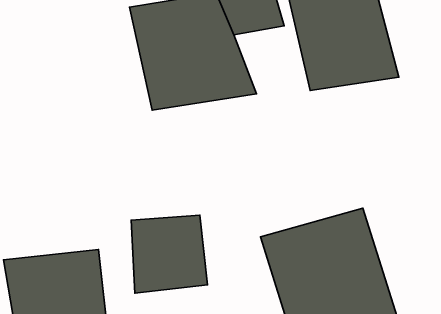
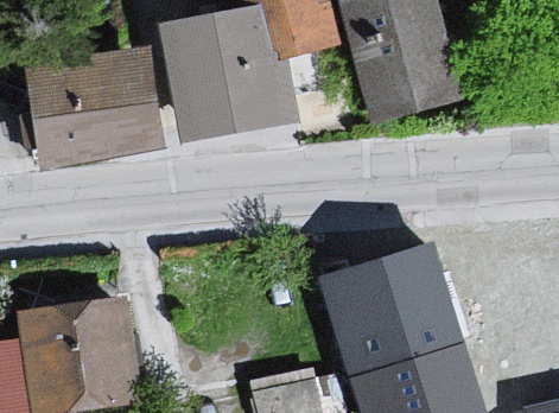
building: none -> [27,42,176,159]
building: [131,215,208,293] -> none

